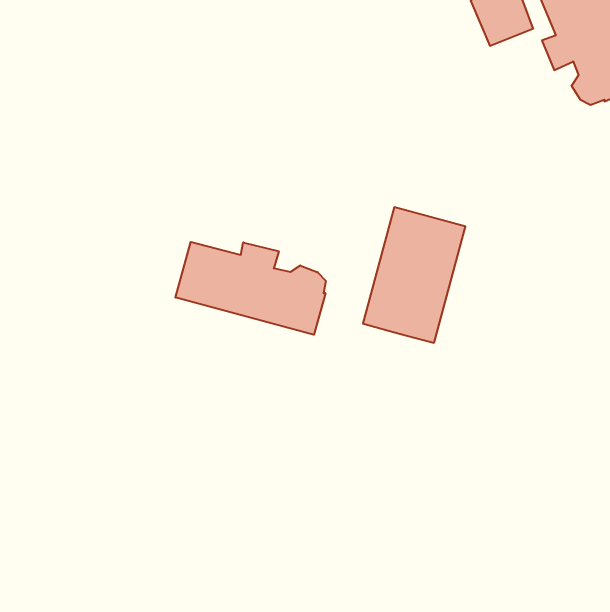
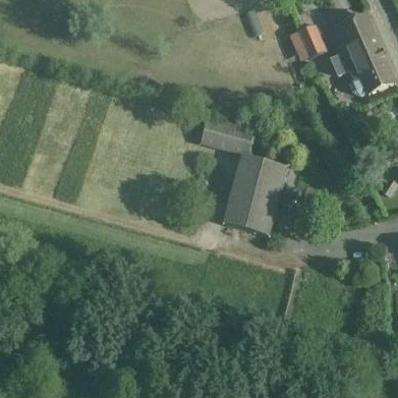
building: none -> [198,114,249,154]
building: [175,242,326,335] -> none

